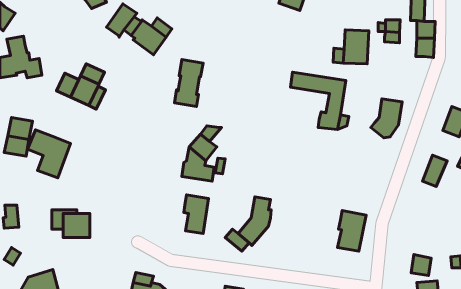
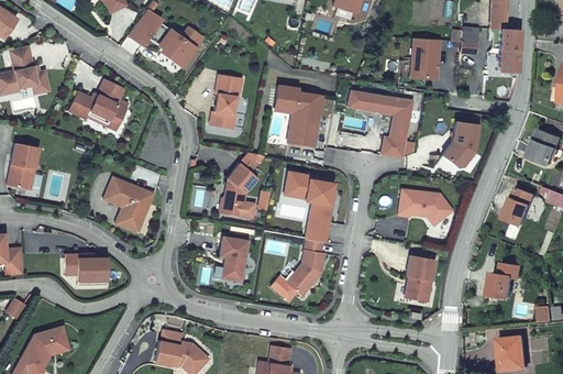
building: none -> [274,84,323,147]
building: [27,130,71,178] -> [102,176,154,233]
building: none -> [284,170,336,241]
building: none -> [398,188,454,226]
building: [411,254,431,276] -> [488,273,512,298]

